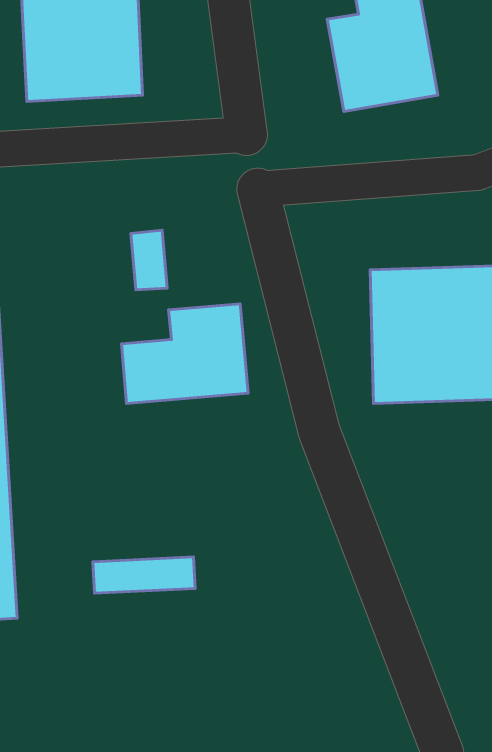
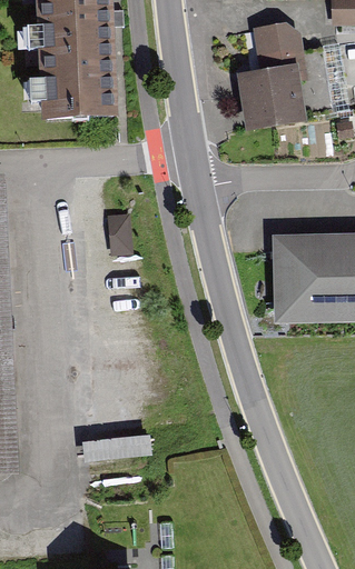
building: [122,304,248,403] -> none

